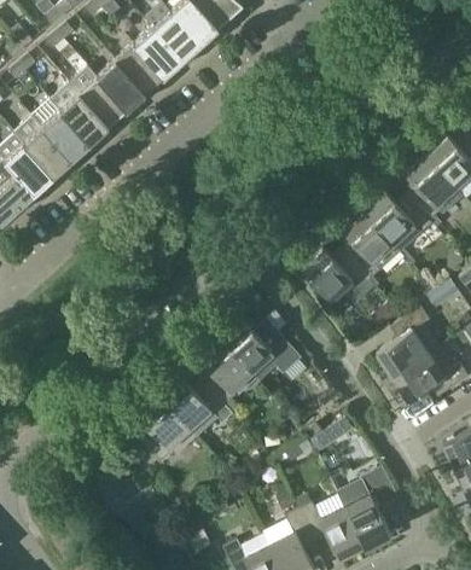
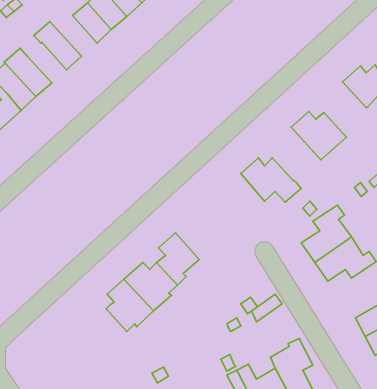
building: [69,66,127,126] -> none
building: [41,109,89,158] -> none
building: [403,157,463,225] -> none
building: [341,213,400,280] -> none
building: [222,319,290,382] -> none

